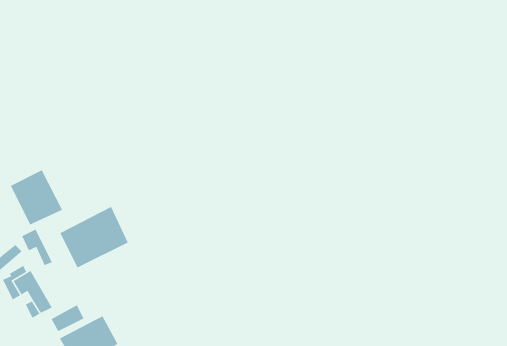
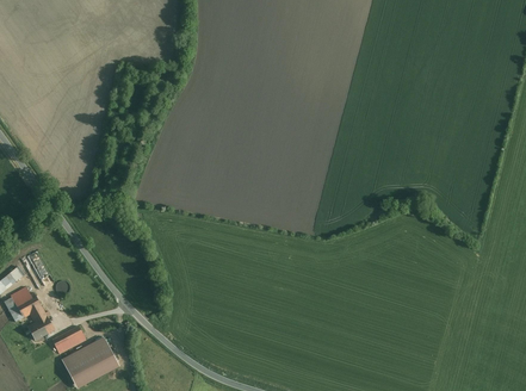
building: [10,169,63,226] -> none
building: [59,206,129,269] -> none

